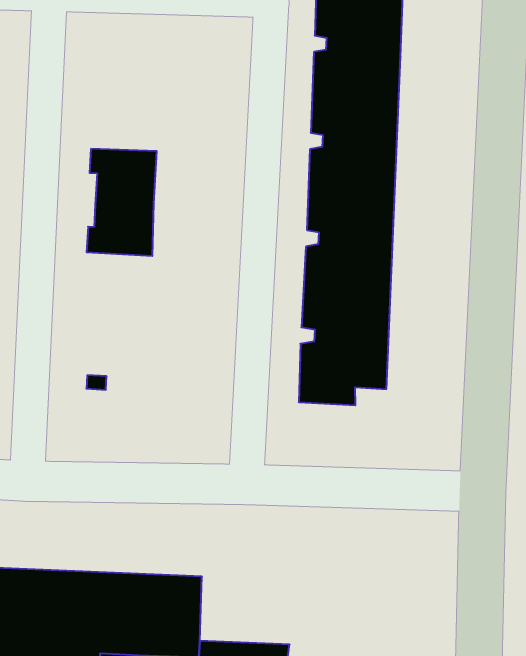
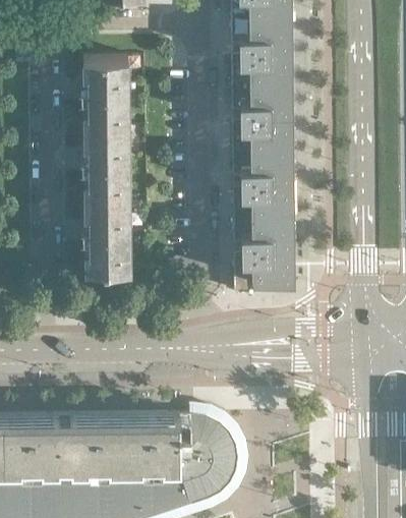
building: none -> [84,58,129,129]
building: none -> [85,199,130,271]
building: none -> [176,415,238,459]

